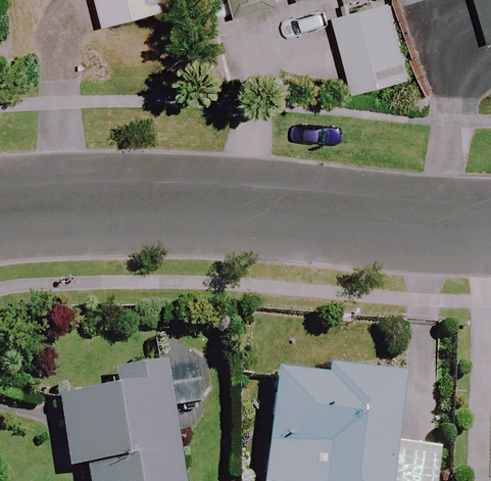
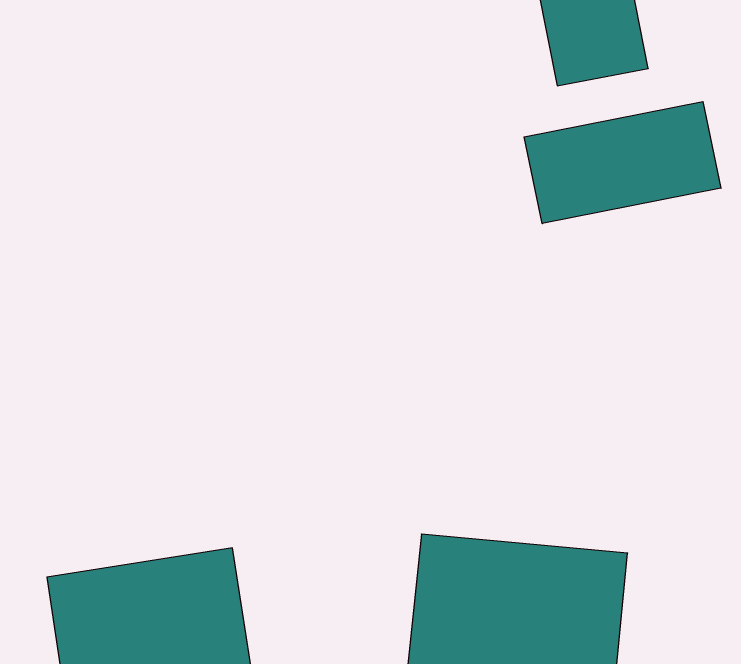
building: none -> [524,102,721,224]

